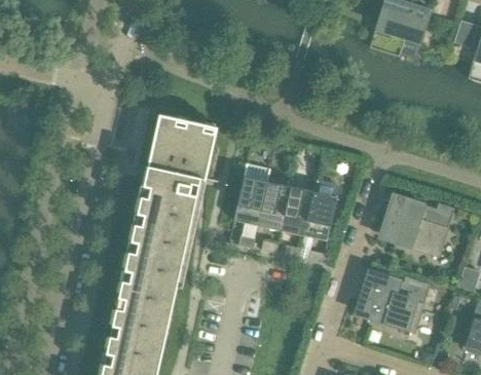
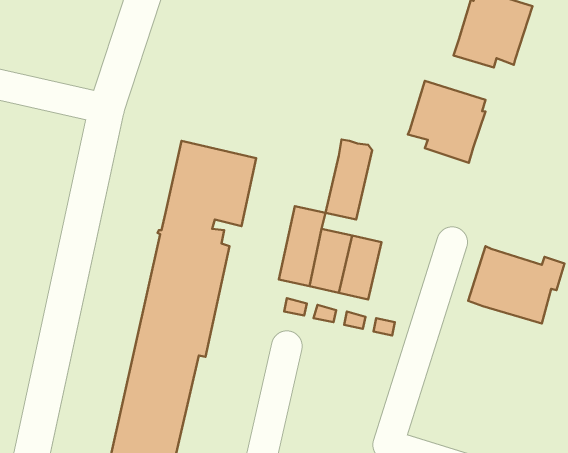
building: none -> [408,81,486,163]
building: [304,179,340,240] -> [326,139,372,219]
building: [357,271,432,331] -> none

